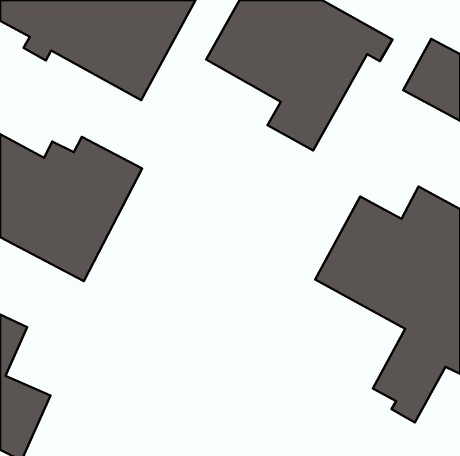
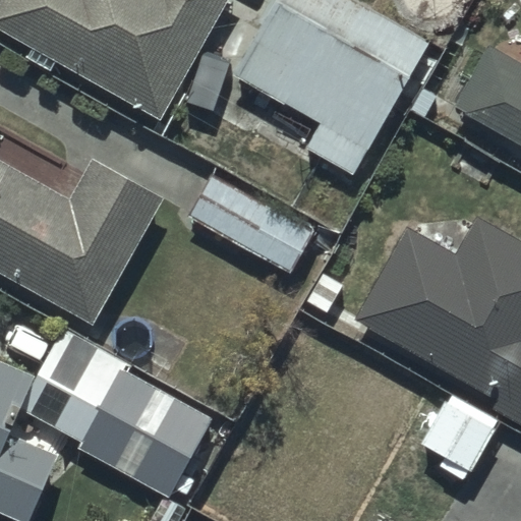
building: none -> [186,173,337,273]
building: none -> [18,328,211,494]

